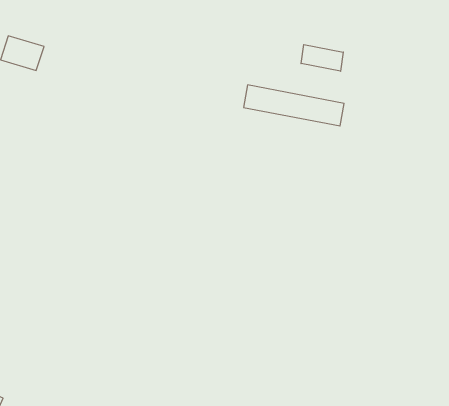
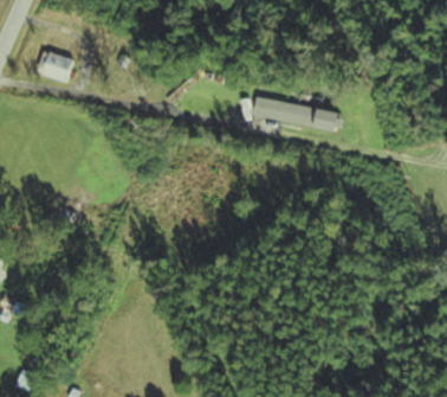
building: [301,45,343,71] -> none

